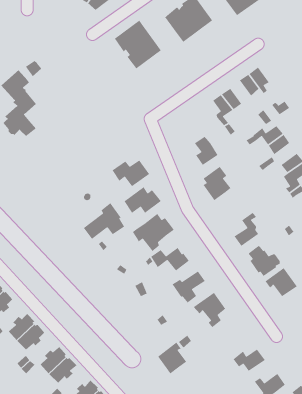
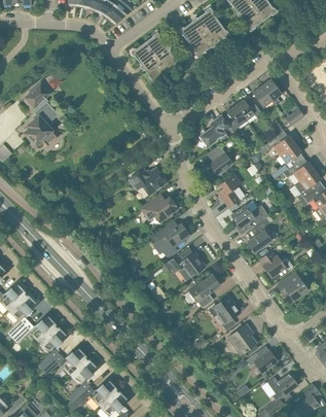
building: none -> [200,114,230,147]
building: none -> [230,205,268,235]
building: [83,202,125,240] -> none
building: [157,342,187,375] -> [227,323,256,355]

